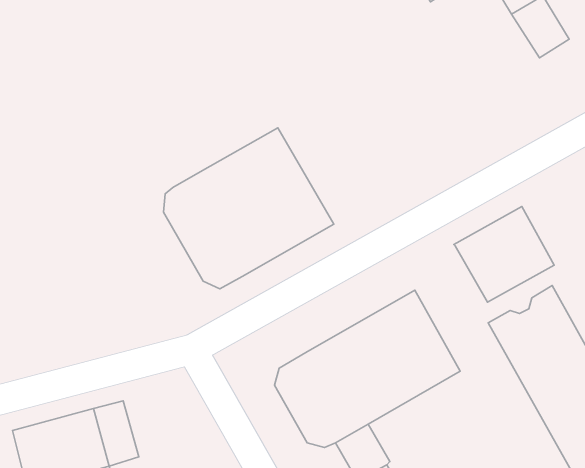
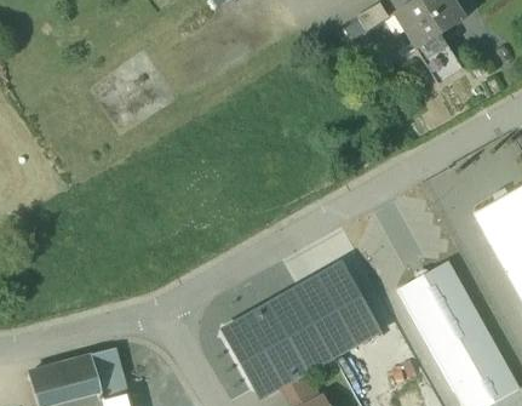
building: [163,128,334,289] -> none
building: [454,206,554,302] -> none

